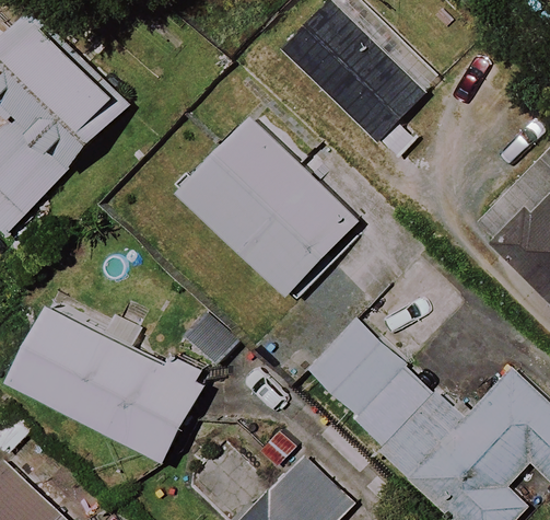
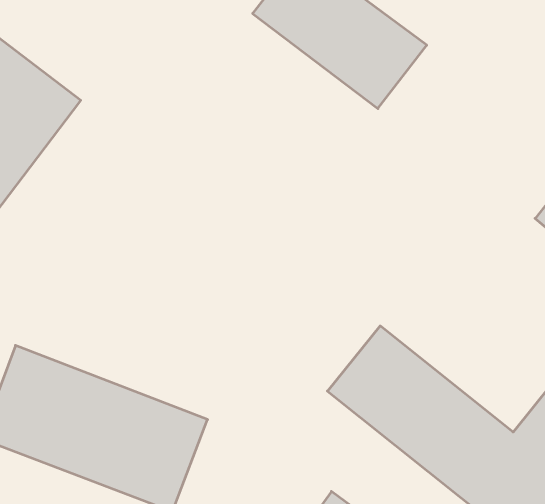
building: [180,116,359,291] -> none

